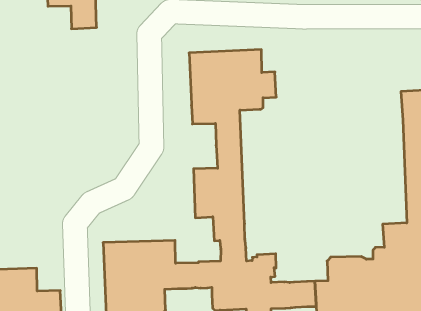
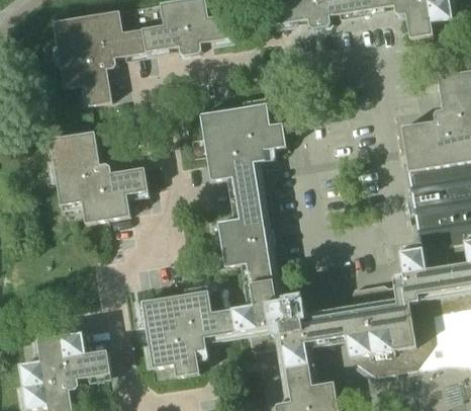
building: none -> [50,132,148,223]

